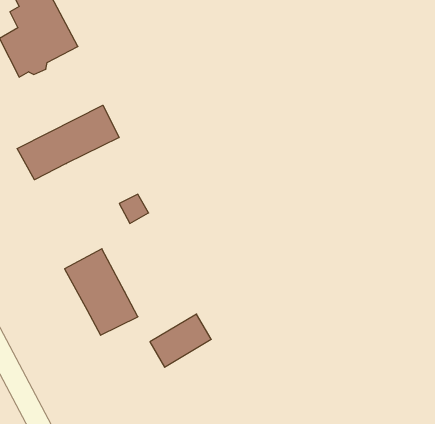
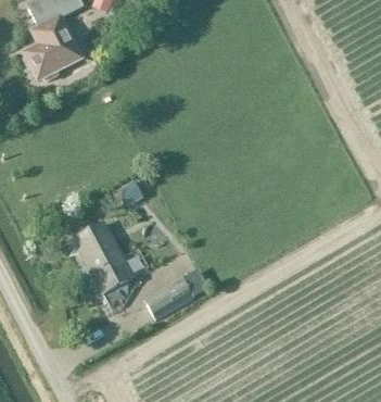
building: [17,105,119,180] -> none

